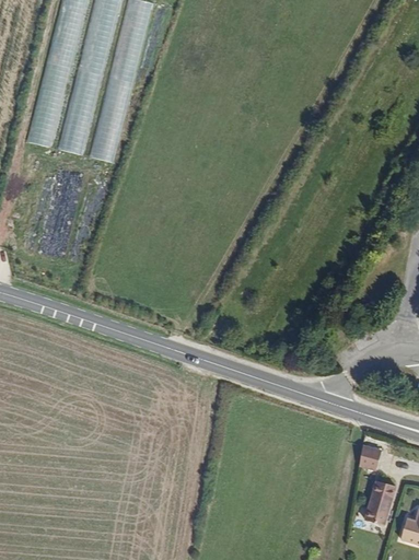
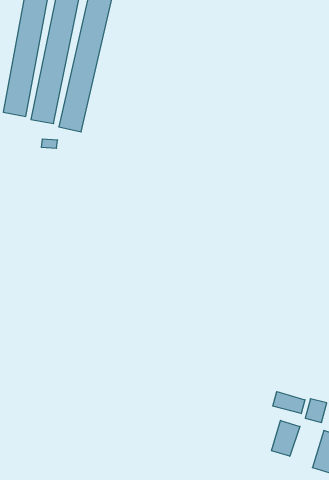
building: none -> [273,392,305,414]
building: none -> [271,420,300,456]

